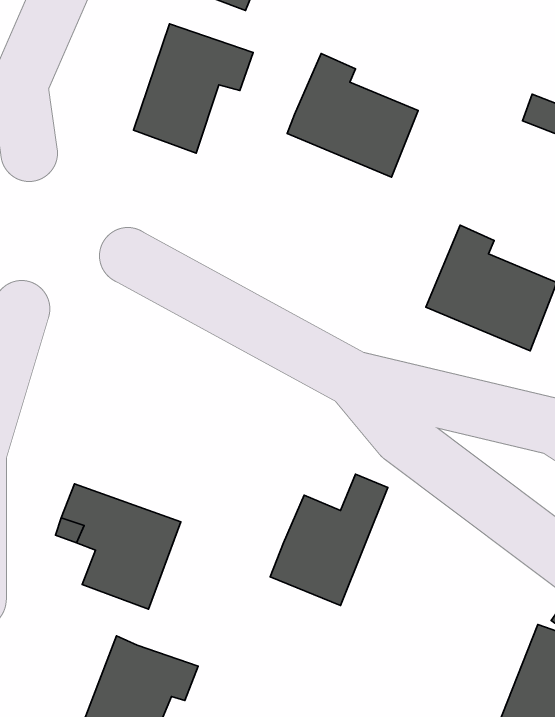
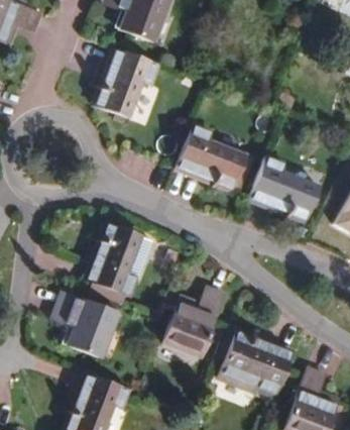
building: [287,54,418,177] -> [174,124,244,190]
building: none -> [93,224,148,298]
building: none -> [224,330,291,392]

